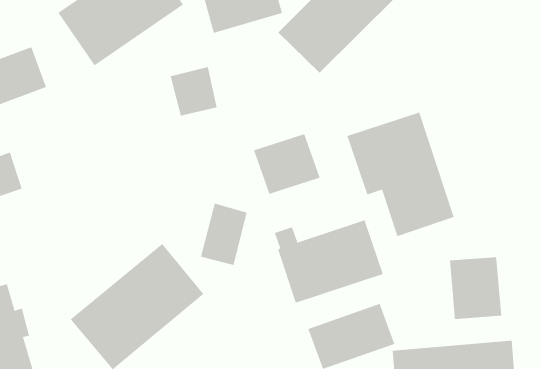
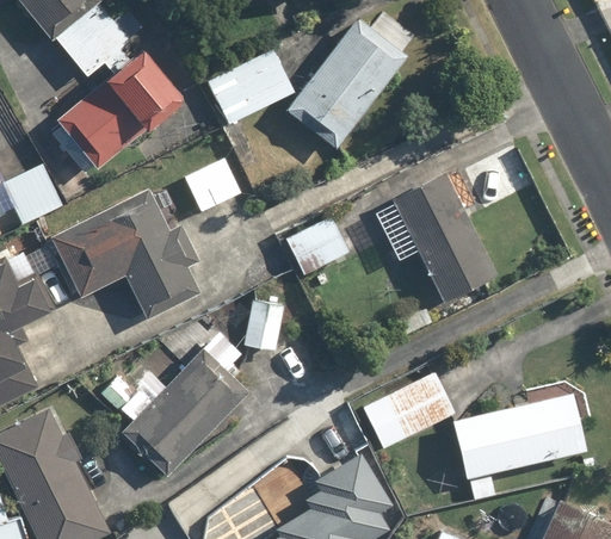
building: none -> [35,187,203,324]
building: [274,219,383,303] -> none
building: [449,256,502,320] -> none

